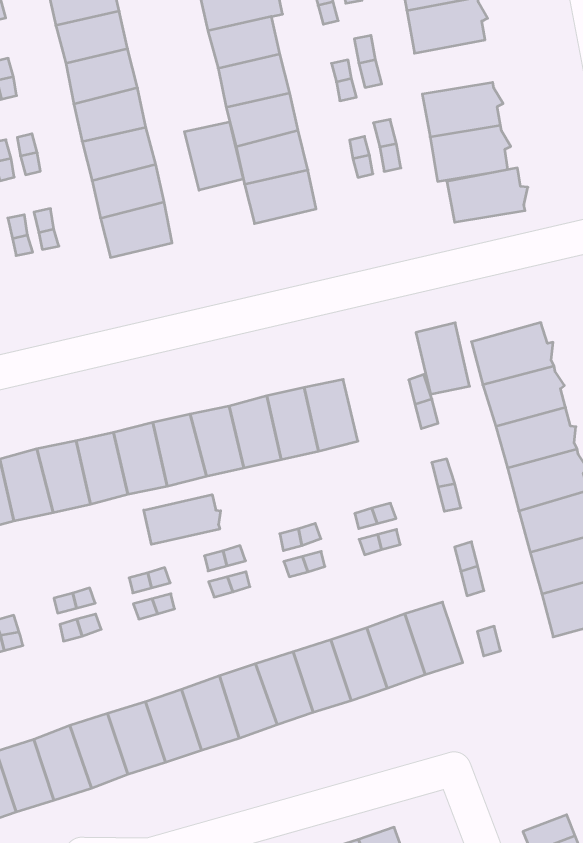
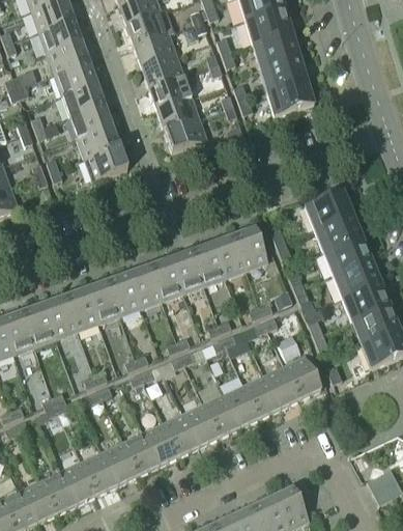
building: [184,122,243,190] -> none
building: [447,168,528,222] -> [253,32,299,67]
building: [416,323,470,394] -> [234,227,268,270]
building: [144,495,221,544] -> none

